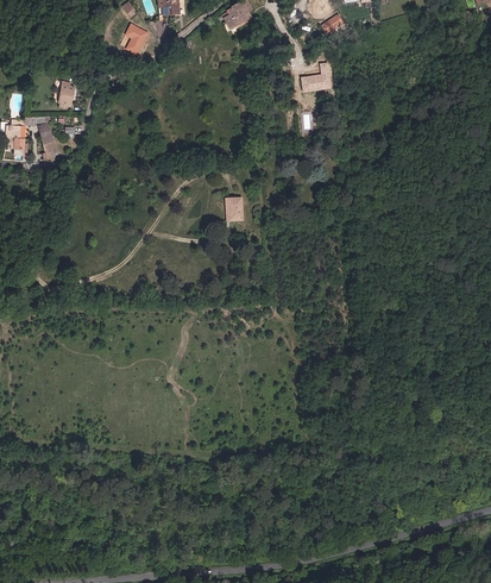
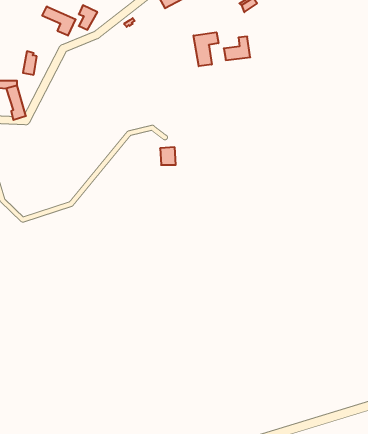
building: none -> [42,6,76,36]
building: none -> [194,32,218,66]

